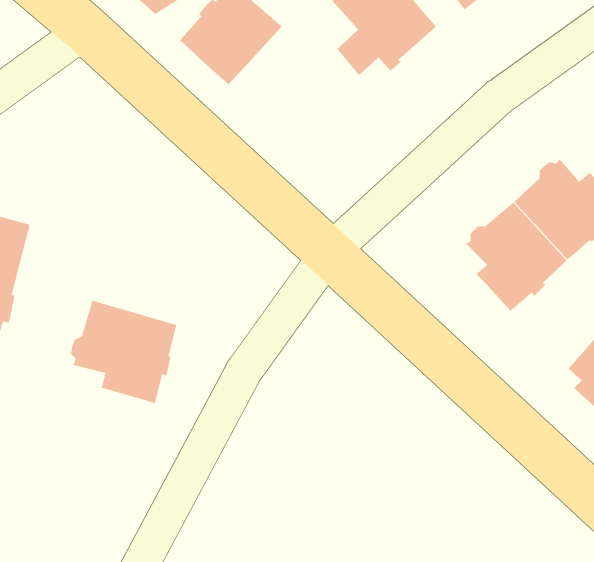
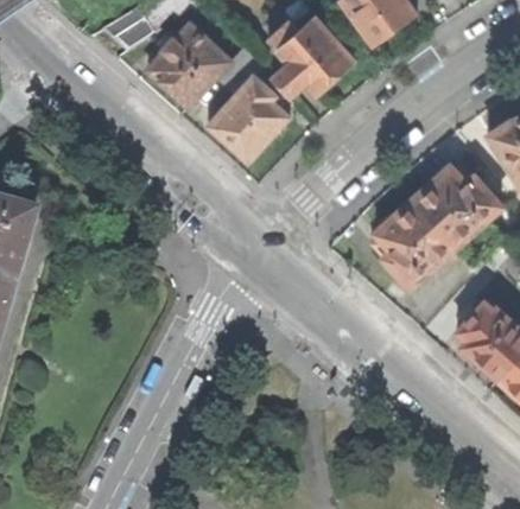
building: none -> [208,45,287,160]
building: [70,300,177,404] -> none

